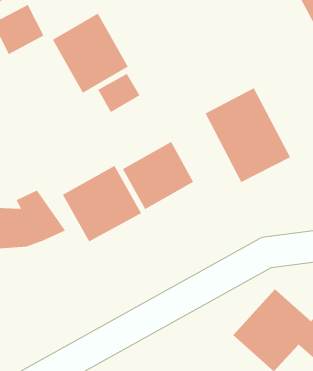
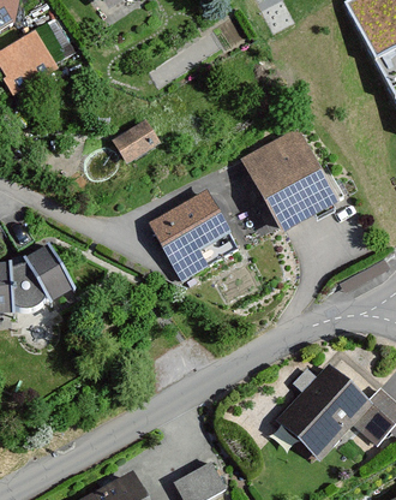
building: [52,13,129,94] -> none
building: [62,165,142,243] -> none

